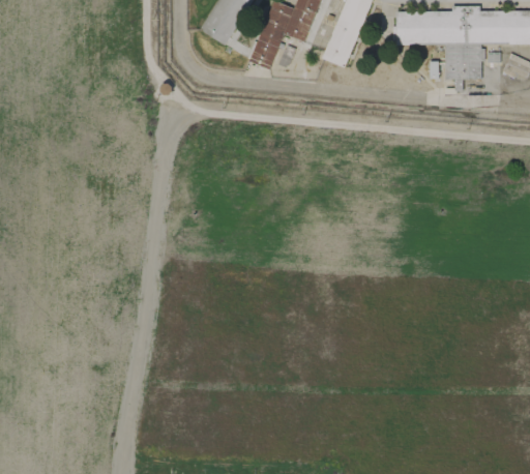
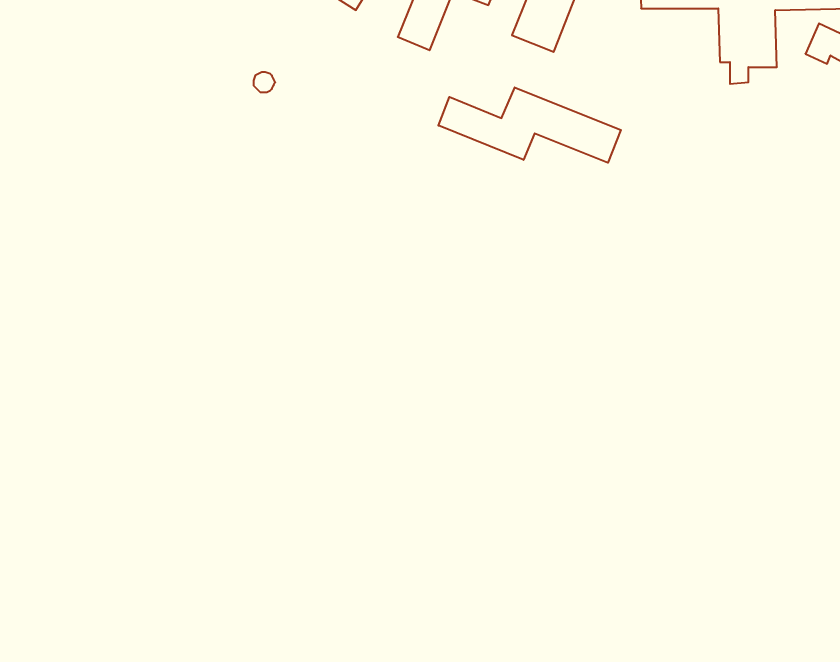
building: none -> [438,87,621,163]

